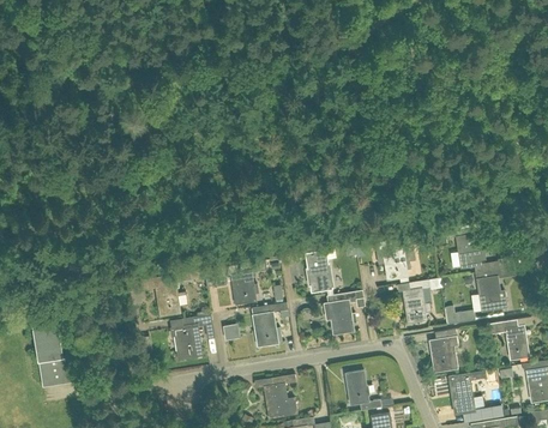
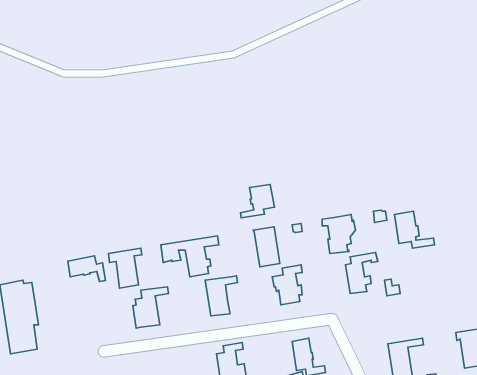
building: none -> [240,184,274,218]
building: [475,271,506,312] -> none
building: none -> [68,256,106,282]
building: [489,319,532,361] -> none
building: [429,331,458,373] -> none

